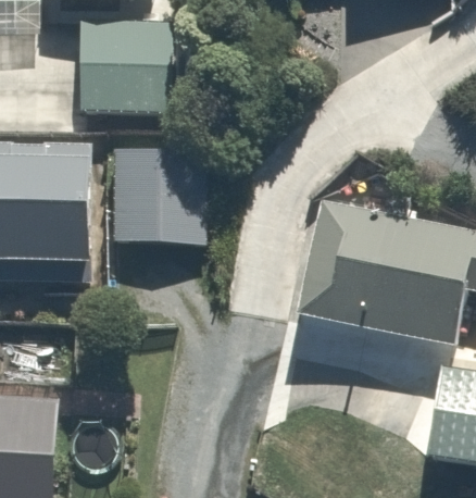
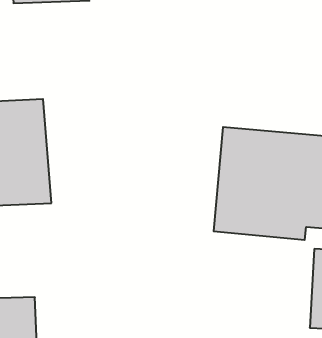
building: [77,17,179,121] -> none
building: [105,142,197,236] -> none

